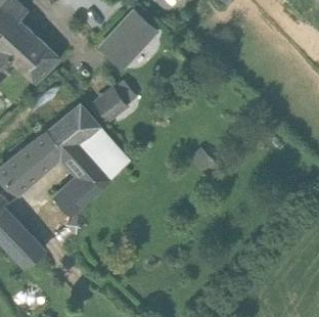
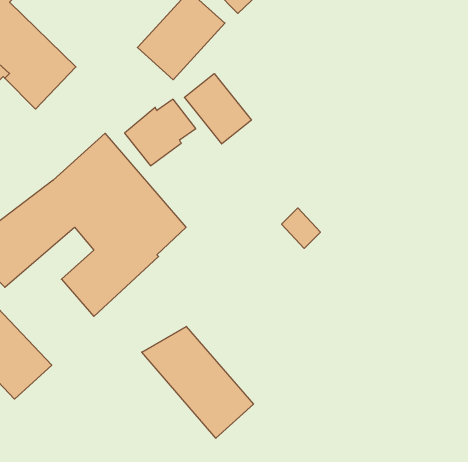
building: none -> [184,74,251,144]
building: none -> [142,326,253,438]

